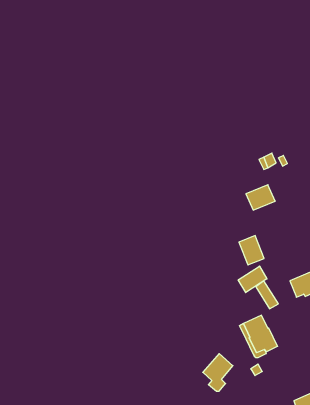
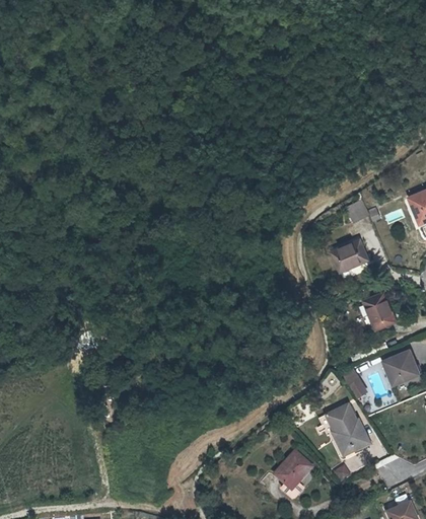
building: [239,236,264,265] -> [362,293,394,329]
building: [238,266,267,293] -> none

